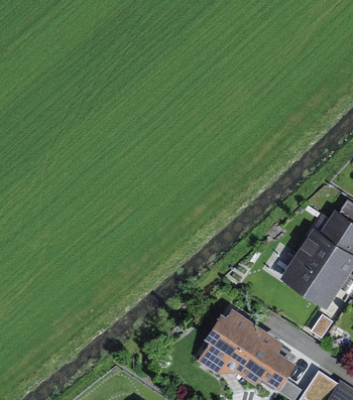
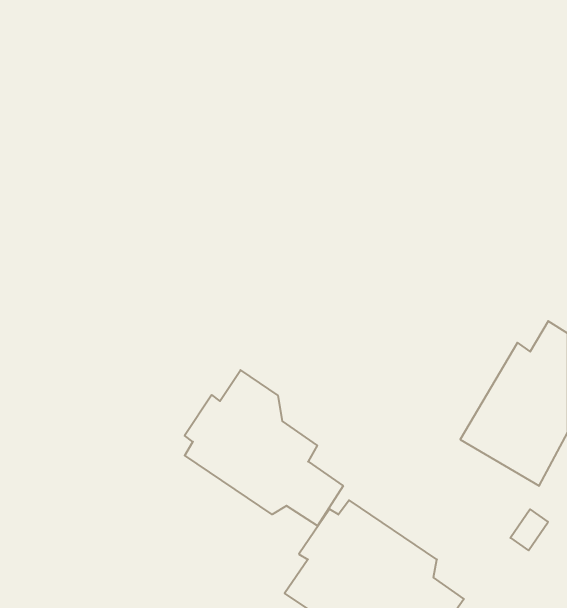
building: none -> [185,370,343,526]

